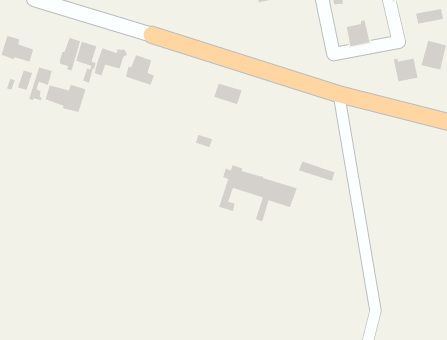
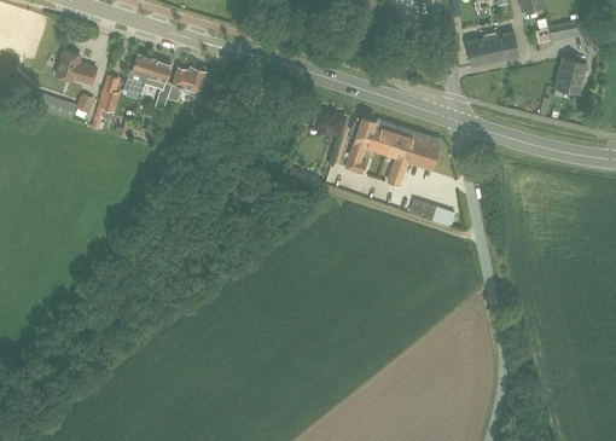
building: [125,54,155,86] -> none
building: [393,58,418,82] -> [488,31,518,60]
building: [44,84,87,113] -> none
building: [218,164,298,222] -> [344,116,438,185]

